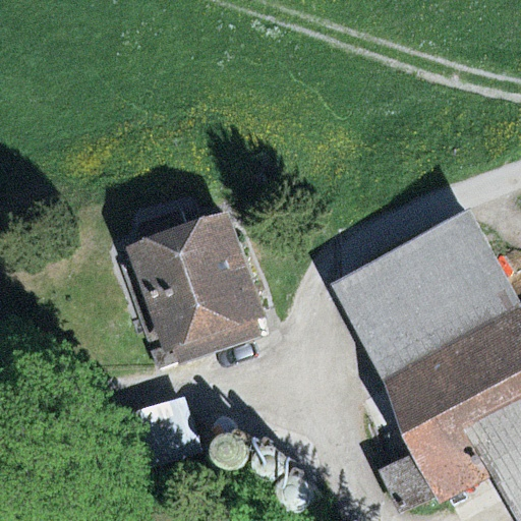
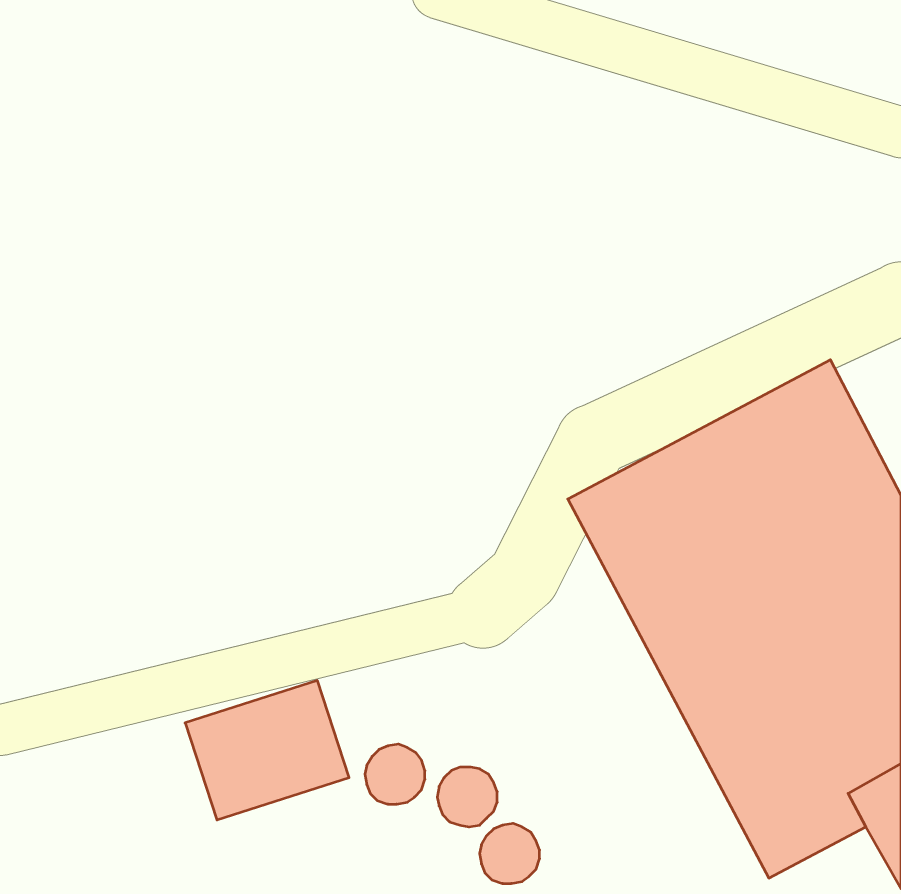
building: [125,209,268,362] -> none

